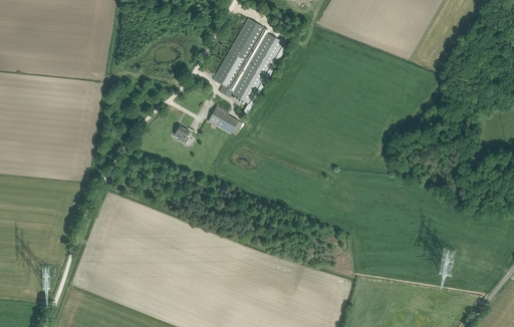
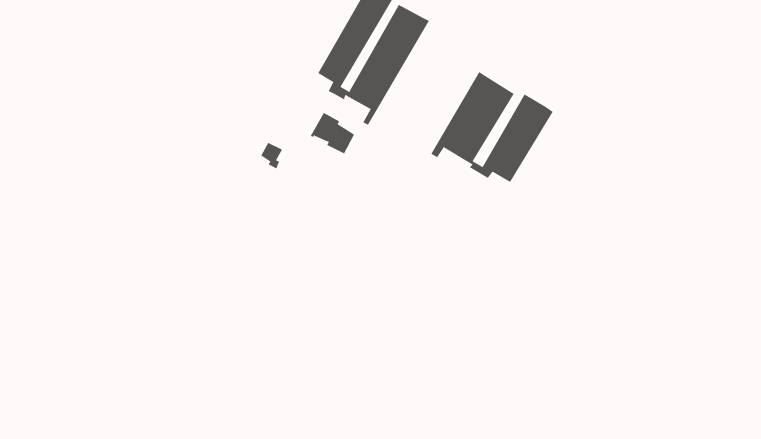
building: none -> [430,71,553,183]

